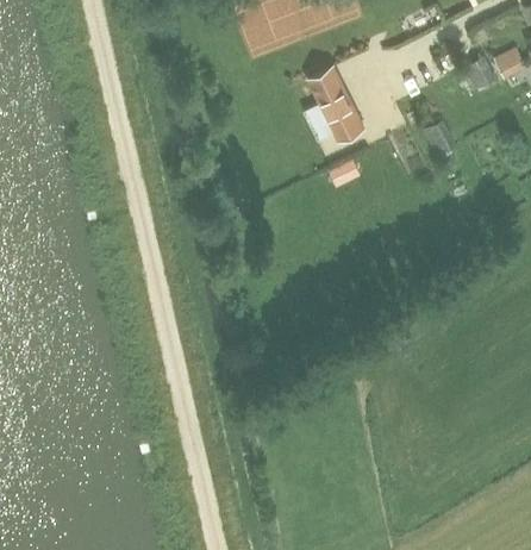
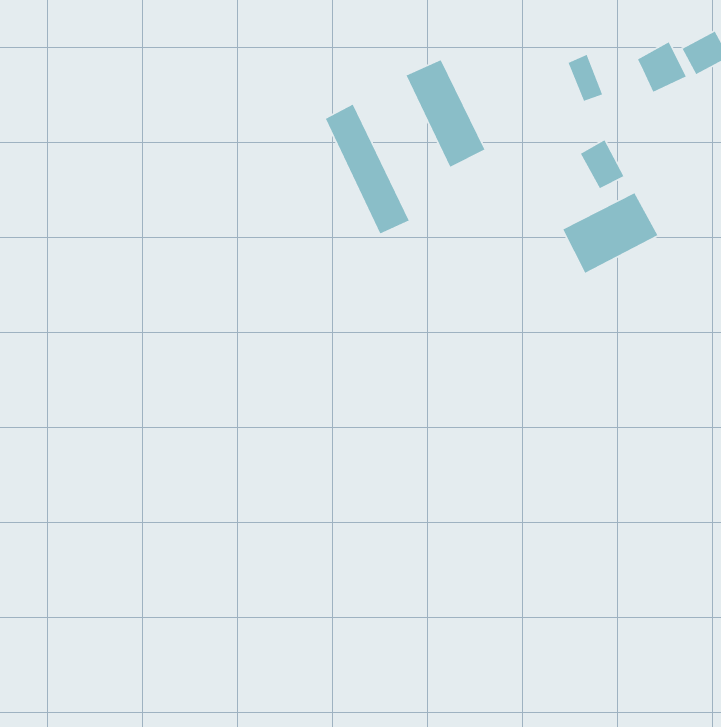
building: none -> [325,104,410,234]
building: none -> [562,192,658,274]

